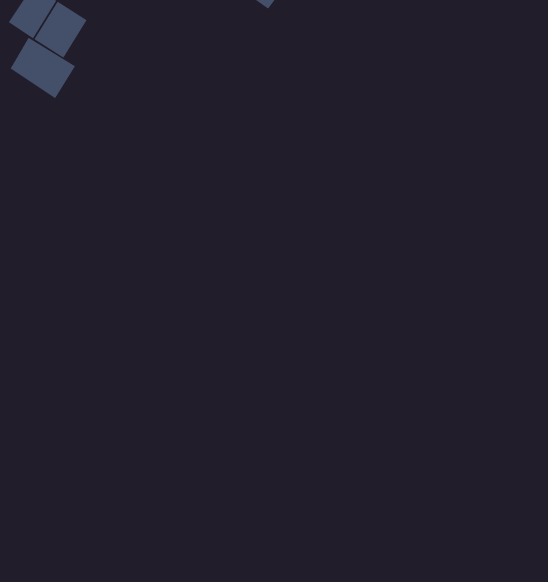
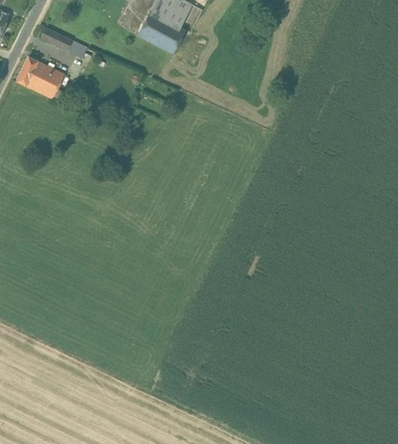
building: [10,37,76,99] -> none

